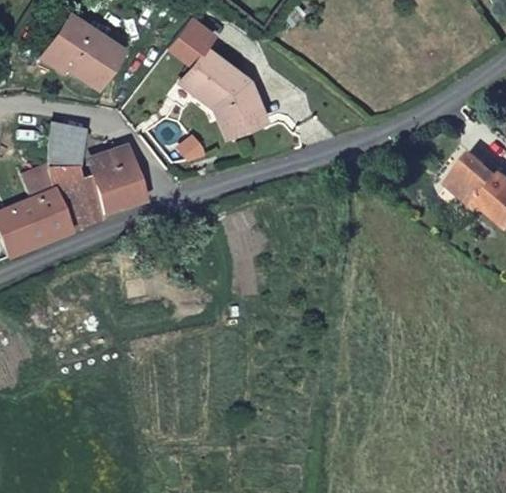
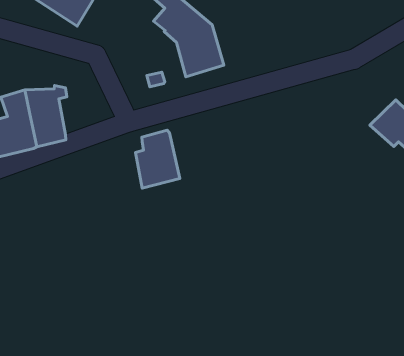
building: [43,122,80,169] -> none
building: [83,149,136,218] -> [136,130,180,188]

